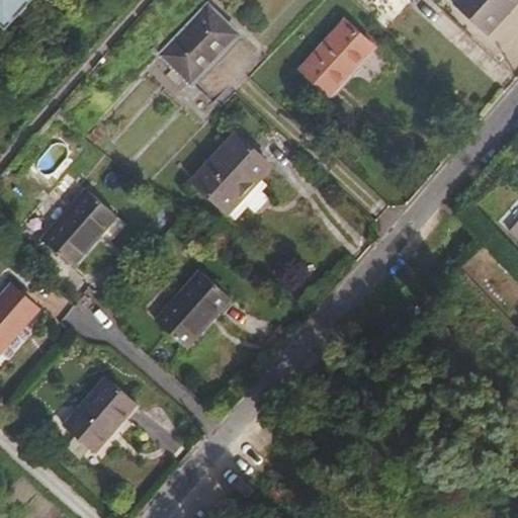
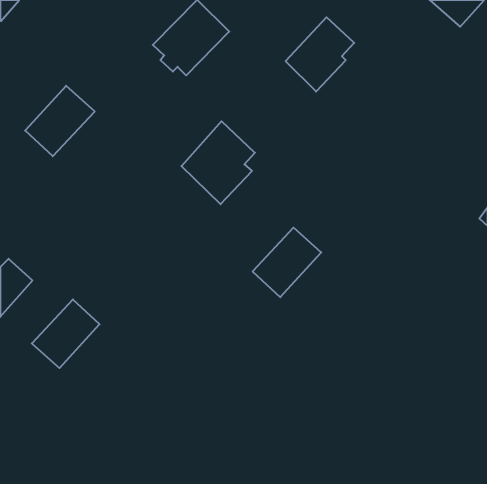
building: [40,187,114,262] -> [25,86,95,156]
building: [154,272,227,346] -> [253,228,321,297]
building: [59,377,131,450] -> [32,299,100,368]

